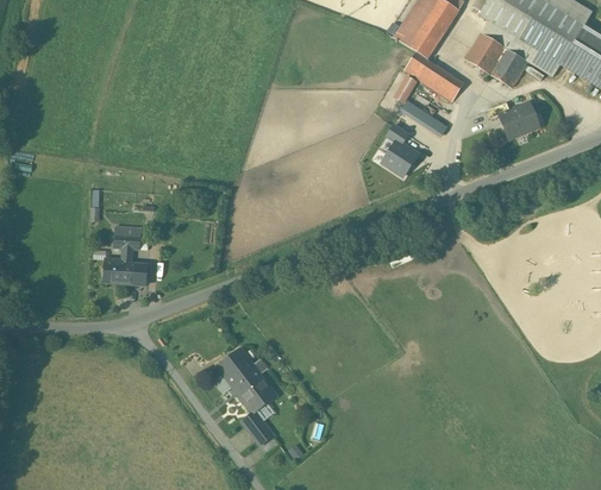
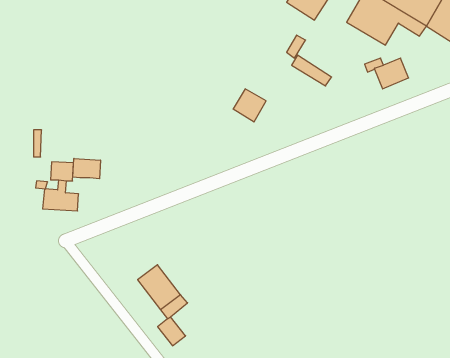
building: [403,52,463,100] -> none
building: [380,138,419,177] -> [233,89,266,122]
building: none -> [73,158,100,179]

